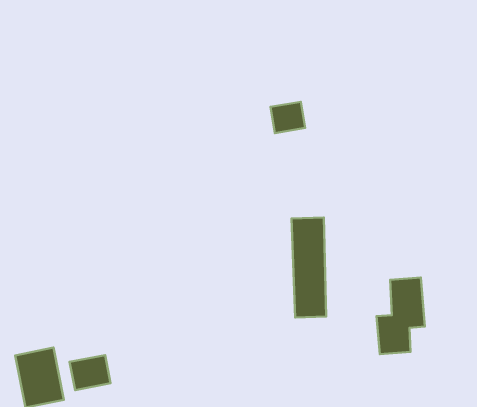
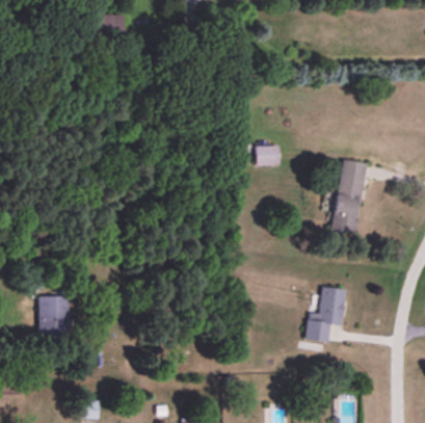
building: [292,217,326,317] -> [333,159,366,235]
building: [70,355,111,390] -> none

